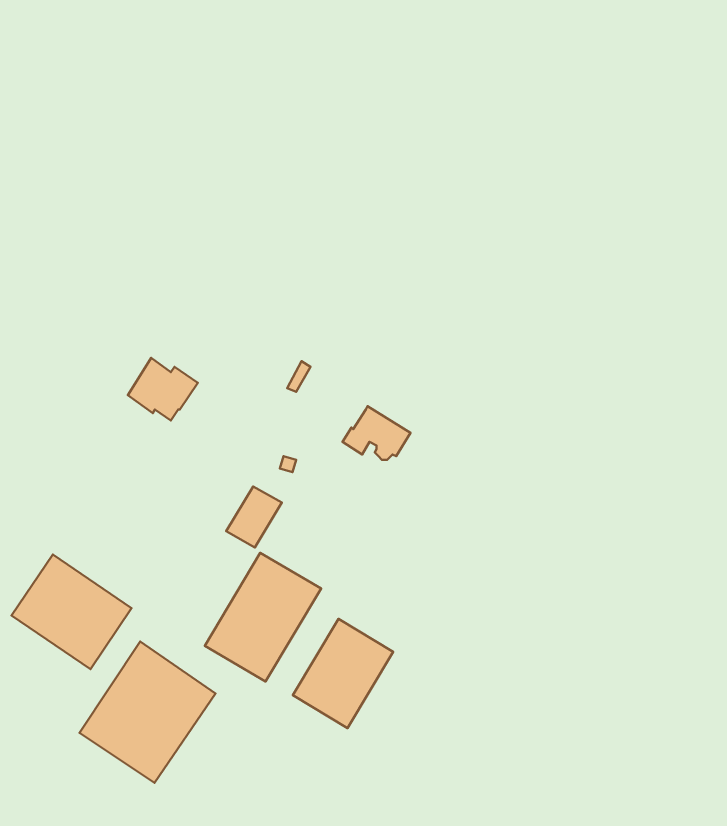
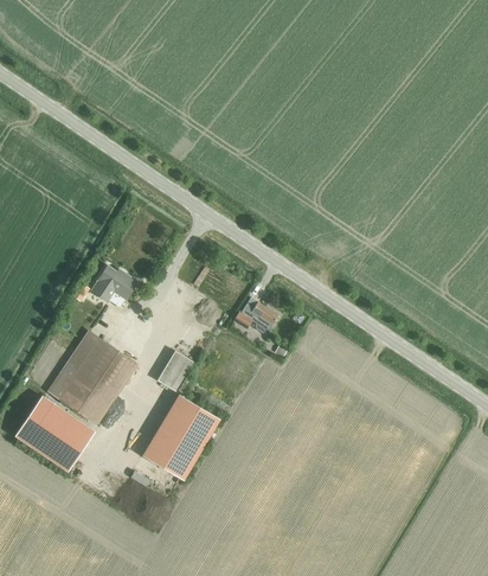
building: [293,619,393,728] -> none
building: [79,642,215,783] -> [47,329,137,423]

